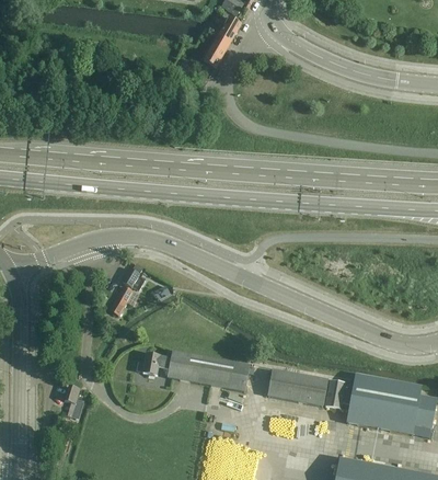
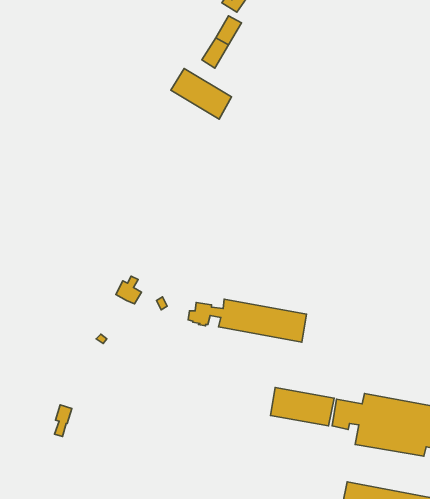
building: none -> [171,68,232,119]
building: [108,285,139,316] -> none
building: [138,350,250,390] -> [188,299,307,342]

